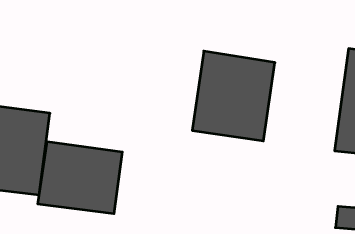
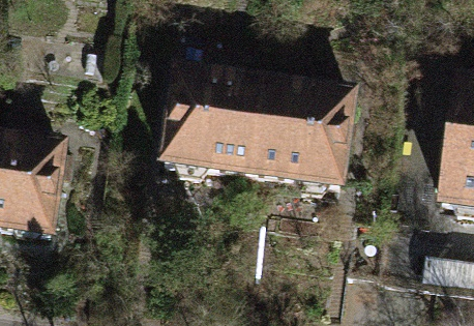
building: none -> [155,57,266,171]
building: [38,142,122,214] -> none

